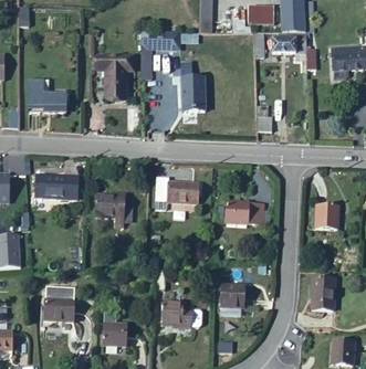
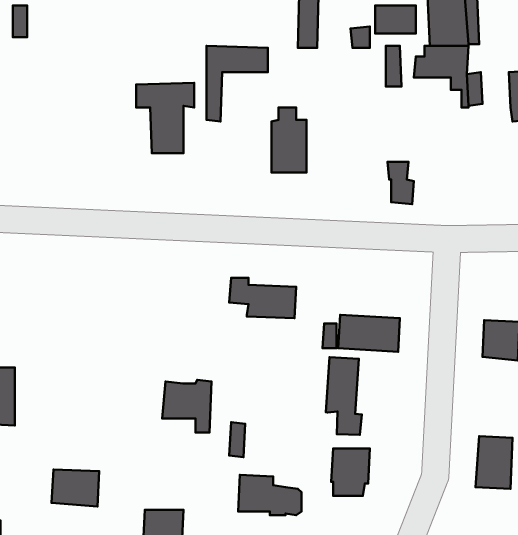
building: [29,80,66,113] -> none
building: [35,175,77,199] -> none
building: [94,193,125,226] -> [162,380,211,433]
building: none -> [326,357,362,435]

